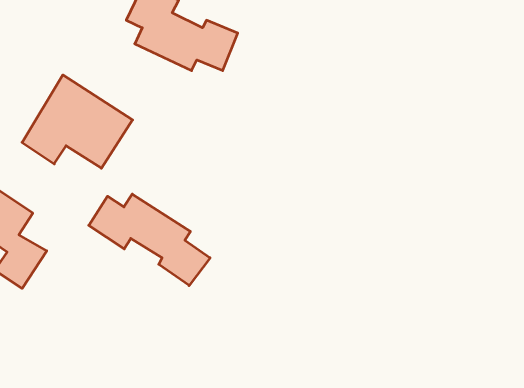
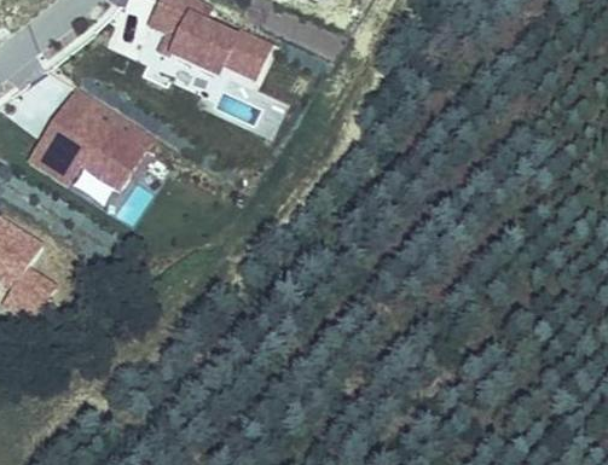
building: [89,194,210,286] -> none

